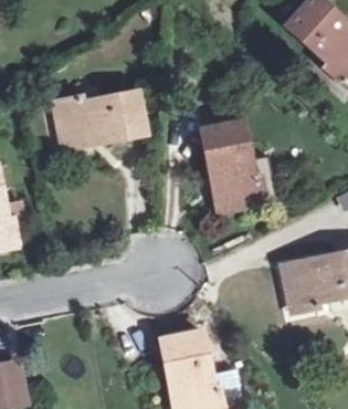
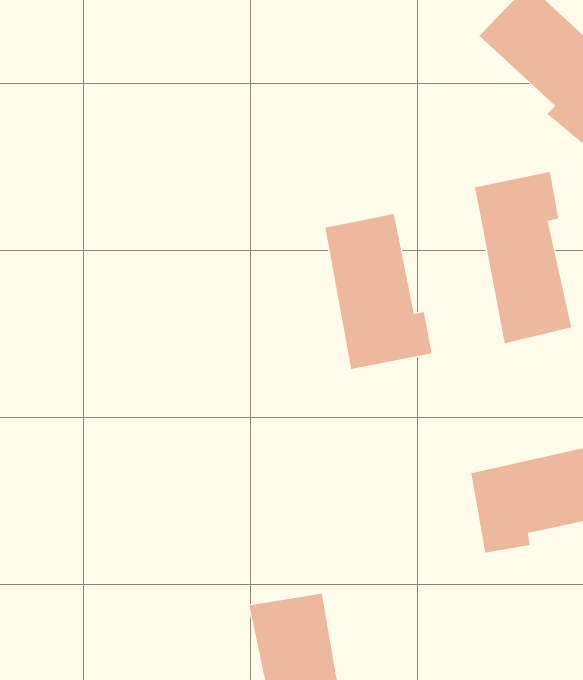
building: [54,94,143,147] -> none
building: none -> [475,171,572,344]

